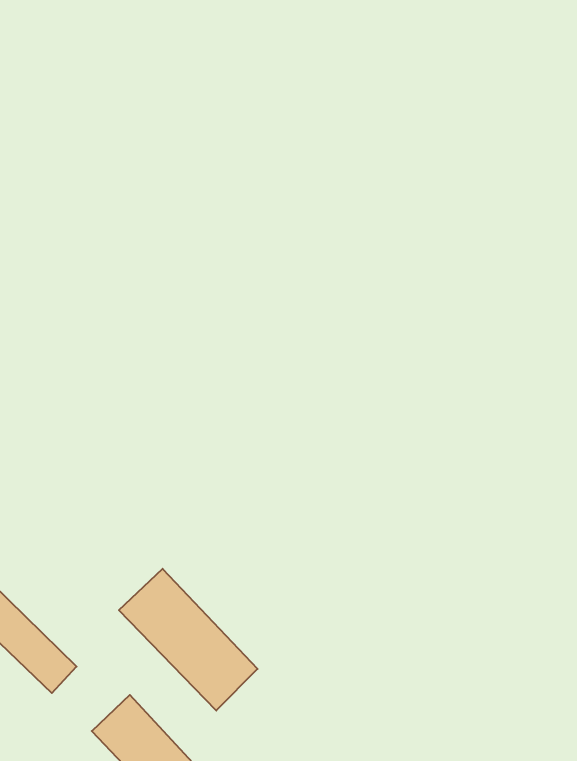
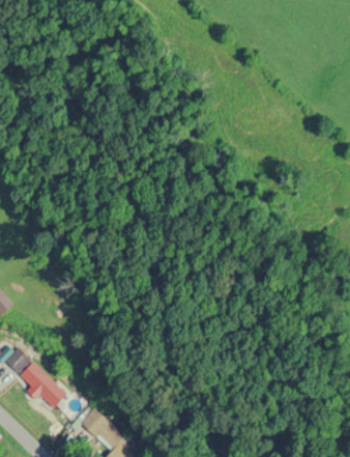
building: [119,569,258,711] -> none

